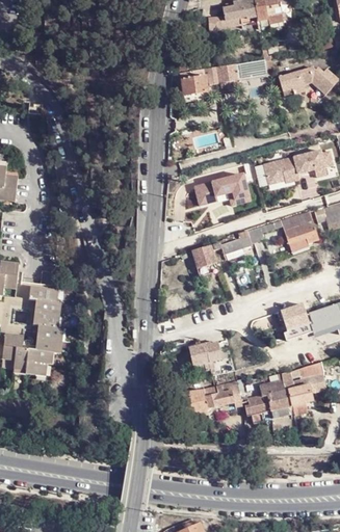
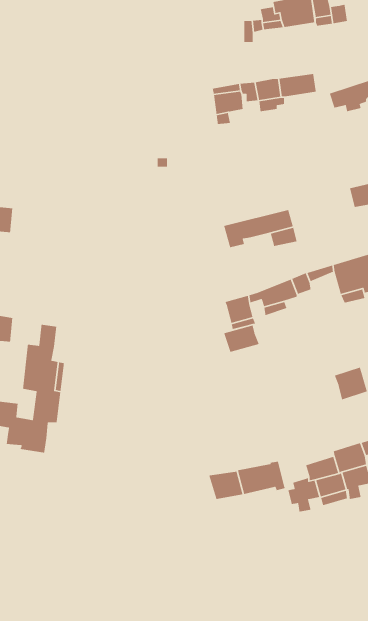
building: [264,156,299,184] -> none
building: none -> [223,324,260,353]
building: [189,342,223,367] -> none

